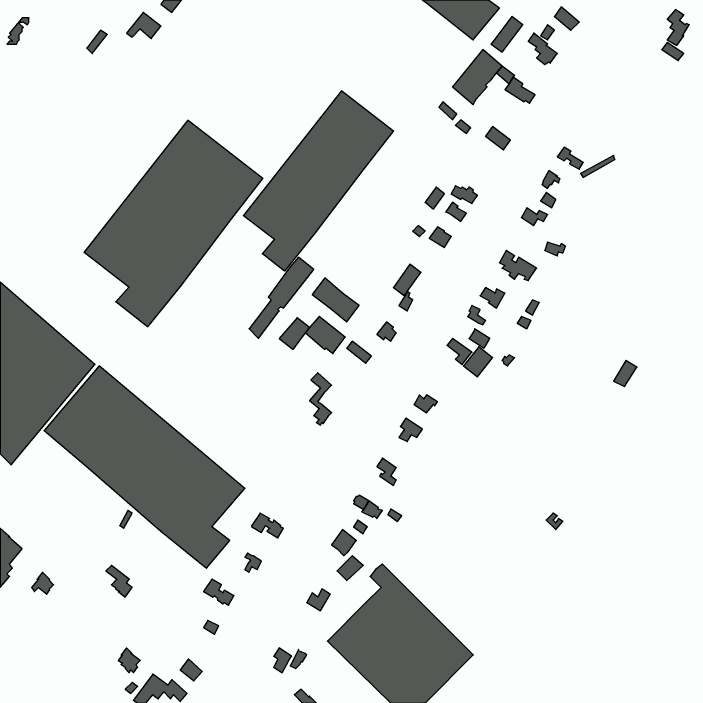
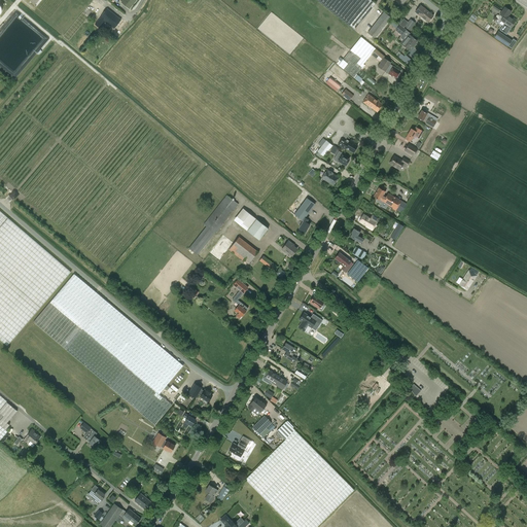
building: [243,91,394,271] -> none
building: [84,120,263,327] -> none

